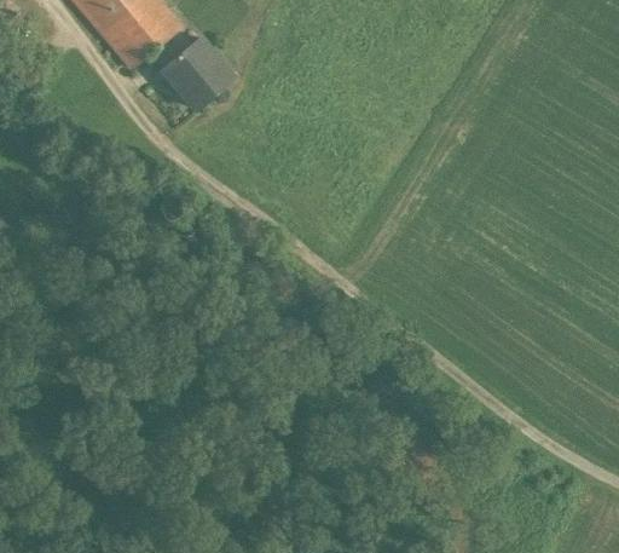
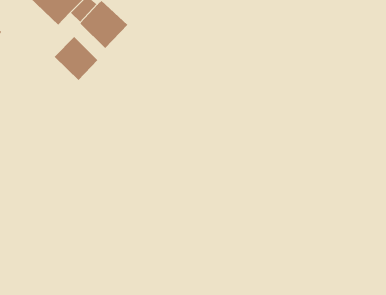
building: none -> [54,36,98,81]

